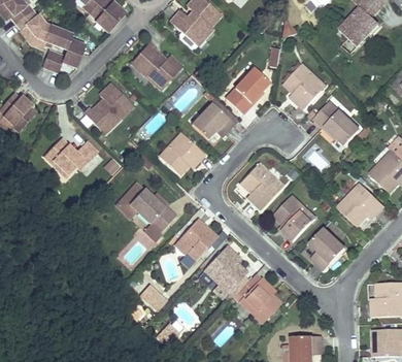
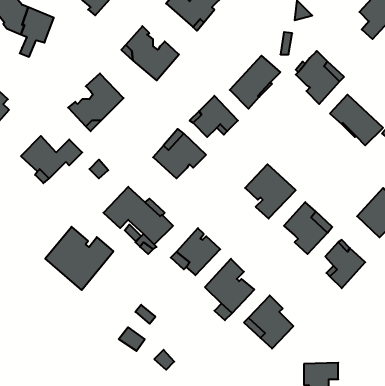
building: [51,39,86,71] -> none
building: none -> [45,227,113,290]

